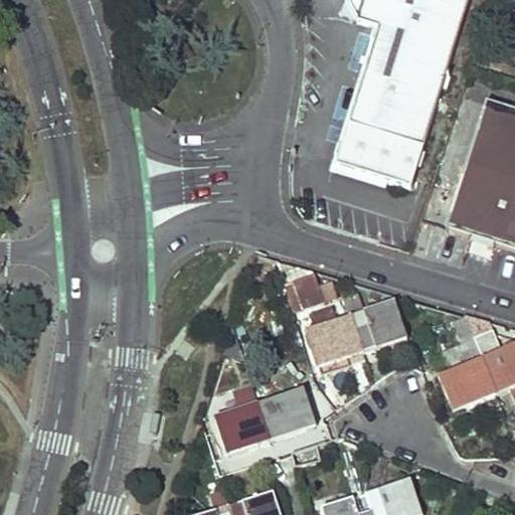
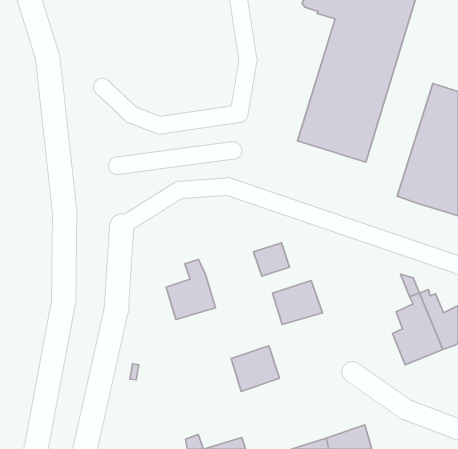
building: [343,291,405,351] -> none
building: [215,385,271,453] -> [166,259,215,319]

